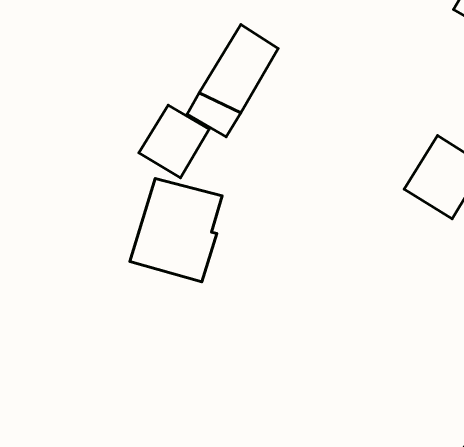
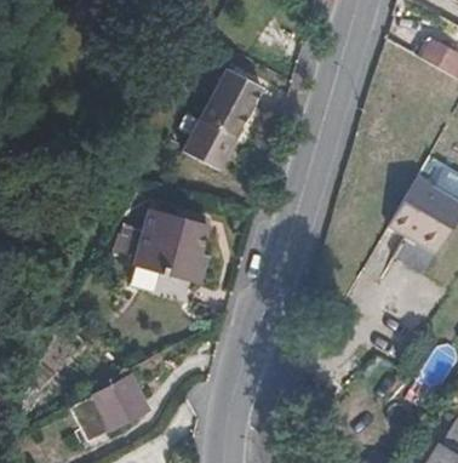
building: [139,105,209,178] -> none
building: none -> [74,376,153,446]

